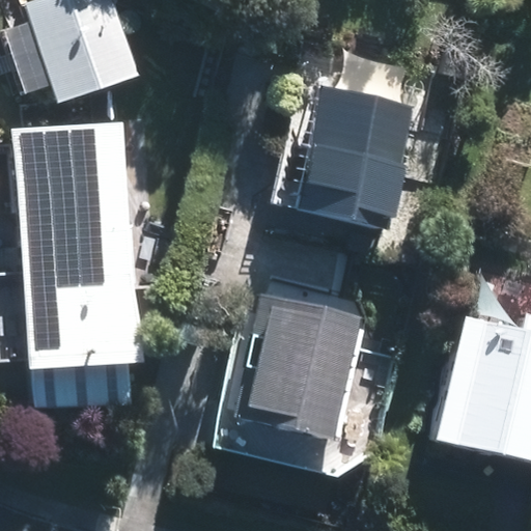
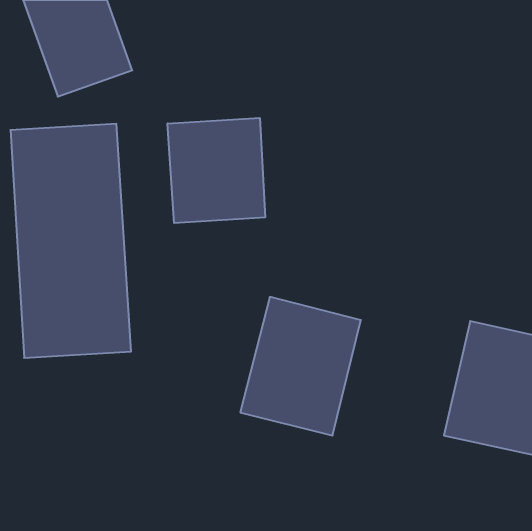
building: [299,88,408,220] -> none
building: none -> [168,118,265,223]

